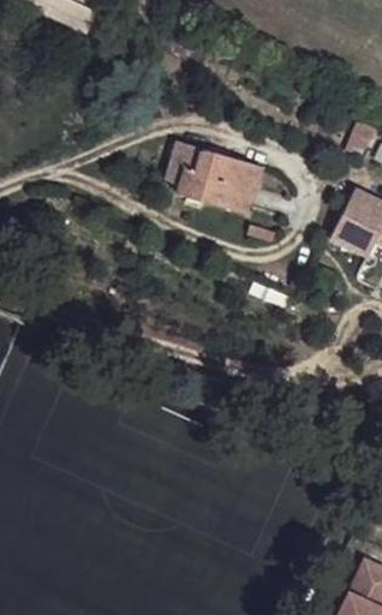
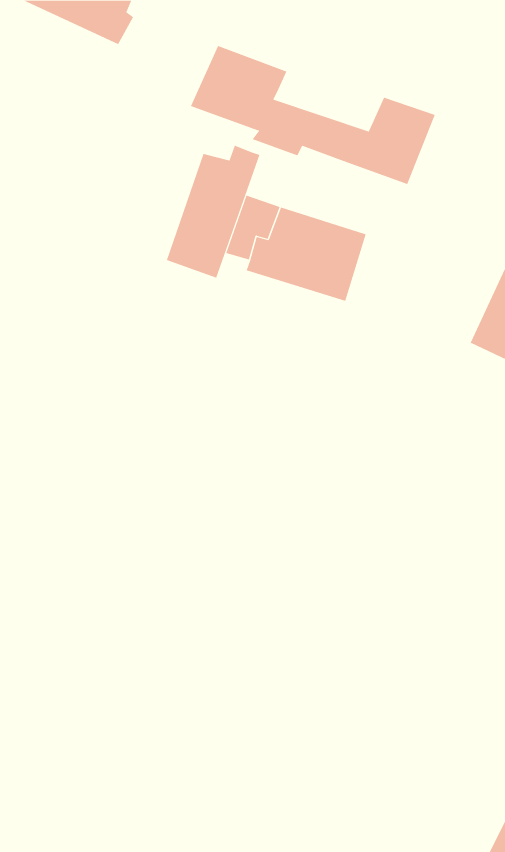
building: none -> [190,45,436,185]
building: none -> [166,145,260,279]

